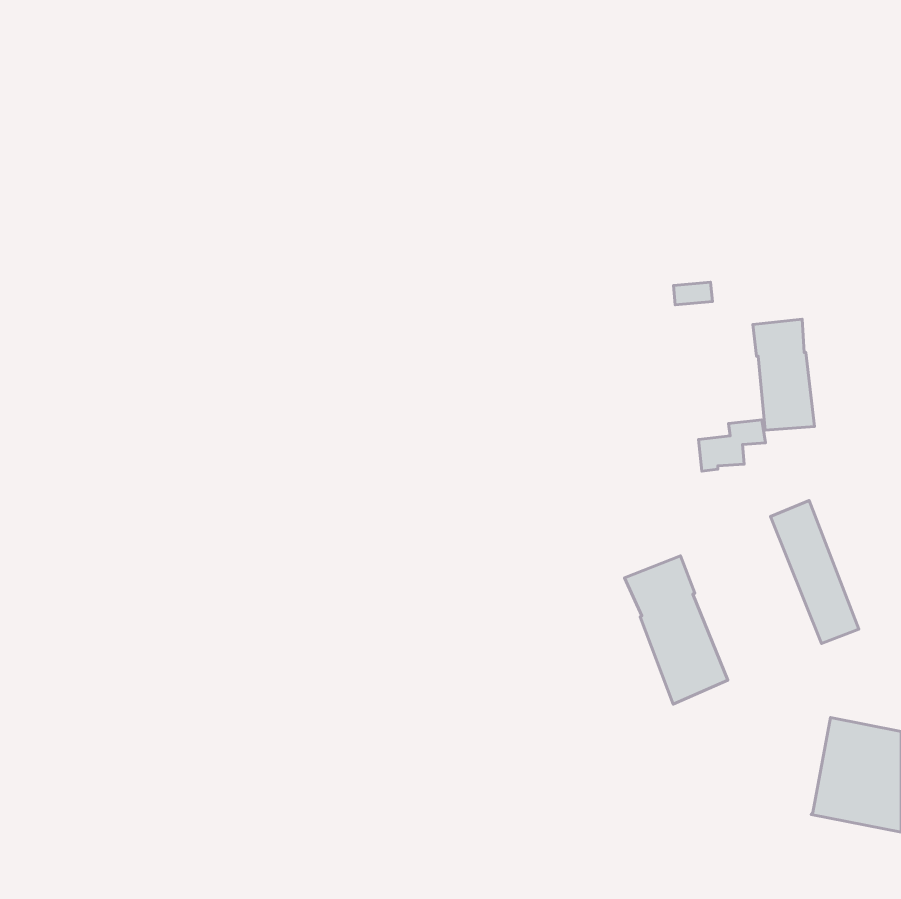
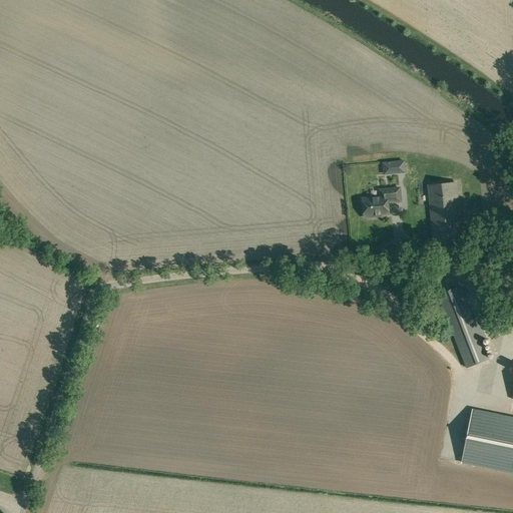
building: [698,420,765,471] -> [363,187,401,216]
building: [625,556,728,704] -> none

